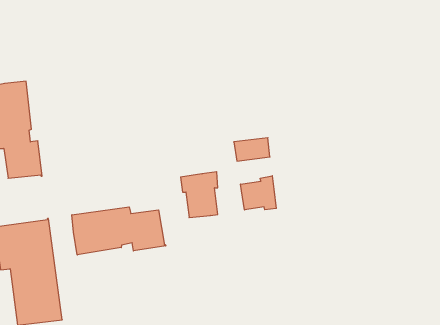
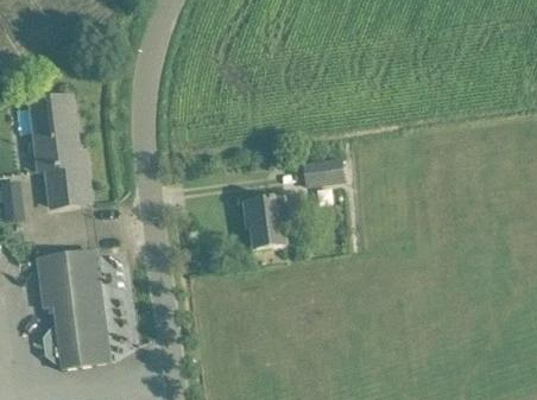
building: [241,176,276,210] -> none
building: [72,207,166,255] -> none

